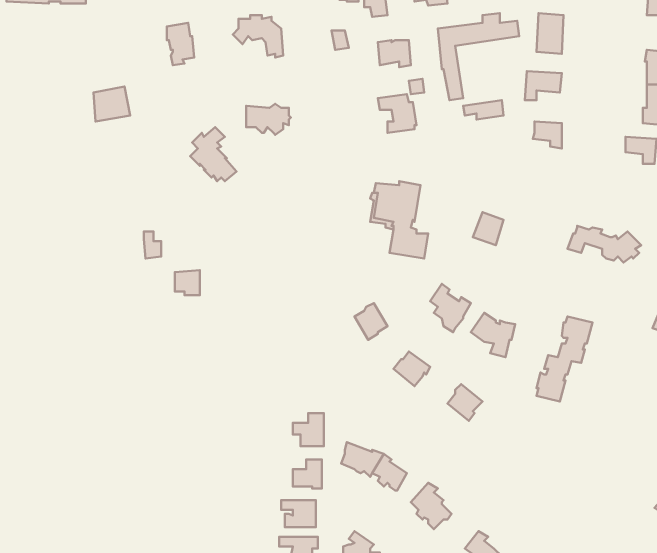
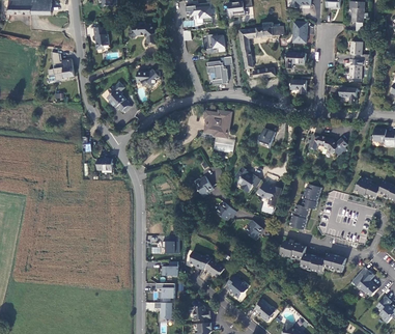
building: none -> [281,240,346,272]

